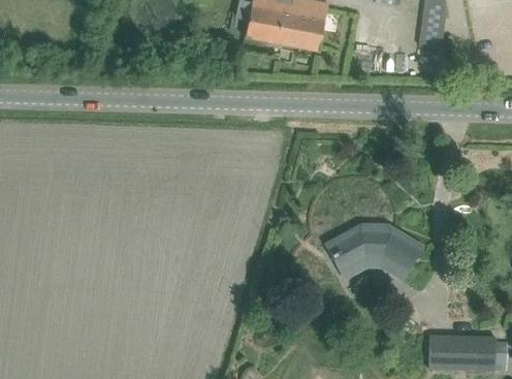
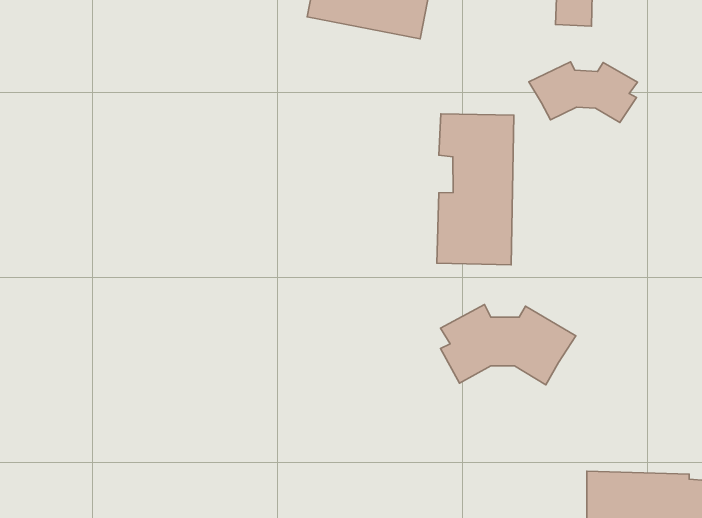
building: none -> [529,62,638,123]
building: none -> [437,114,514,265]

